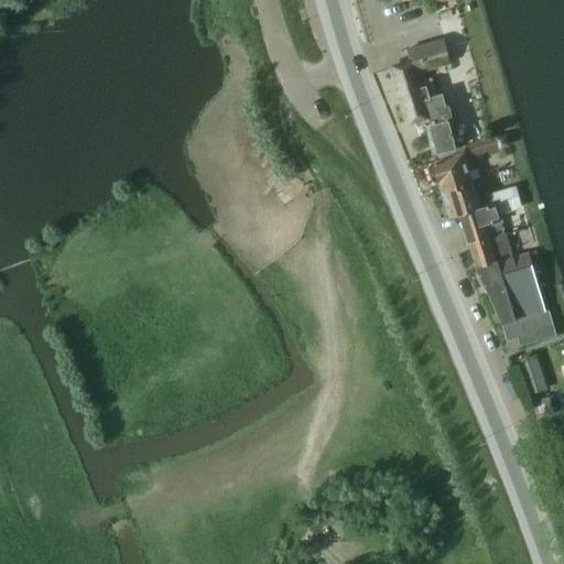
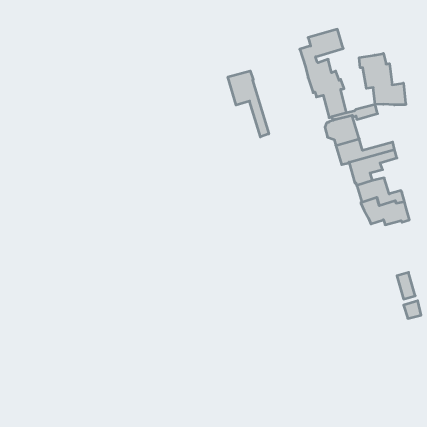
building: none -> [359,53,406,105]
building: none -> [228,71,269,137]
building: [489,290,546,340] -> none

